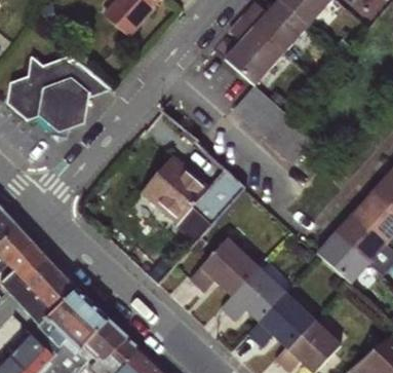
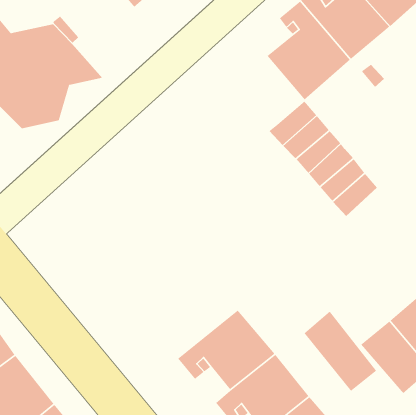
building: [141,155,246,241] -> none
building: none -> [304,311,377,392]

